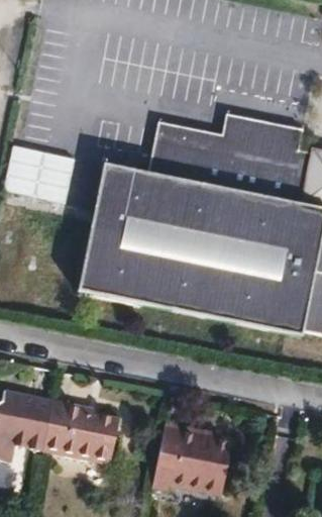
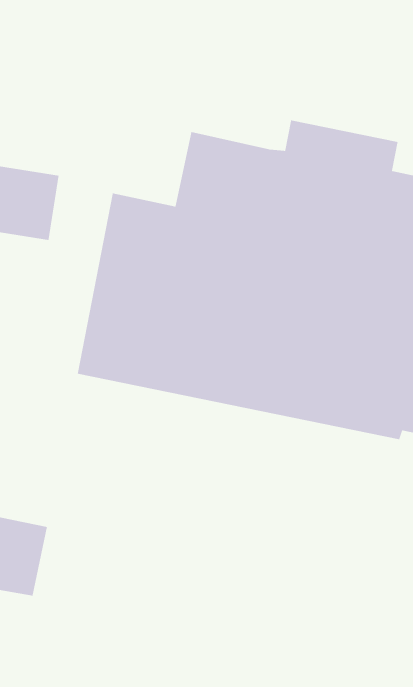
building: [52,397,129,459] -> none
building: [158,420,237,491] -> none

